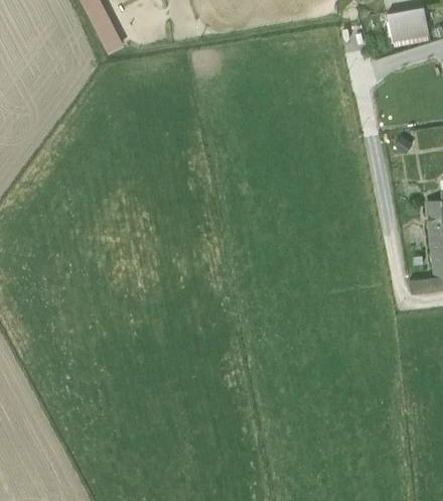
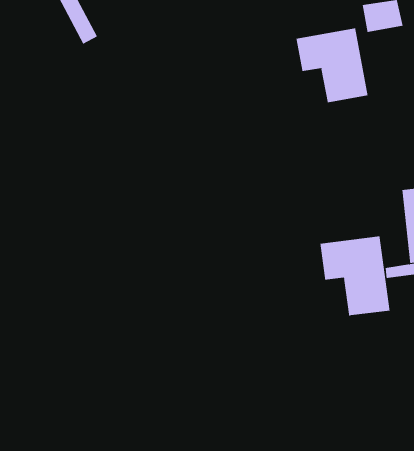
building: none -> [296,27,368,103]
building: none -> [320,236,390,317]

